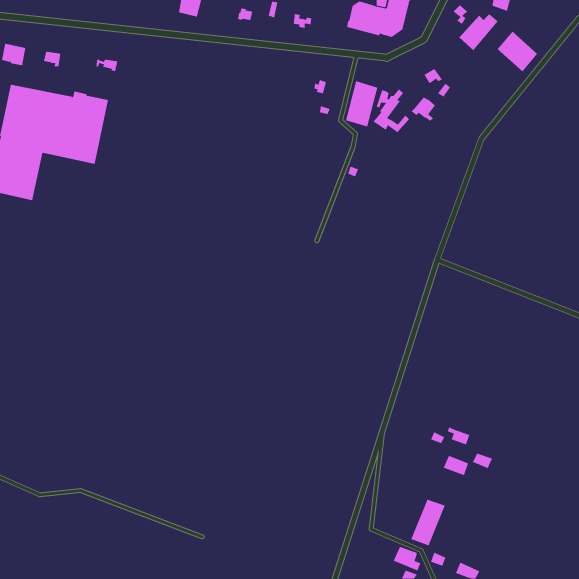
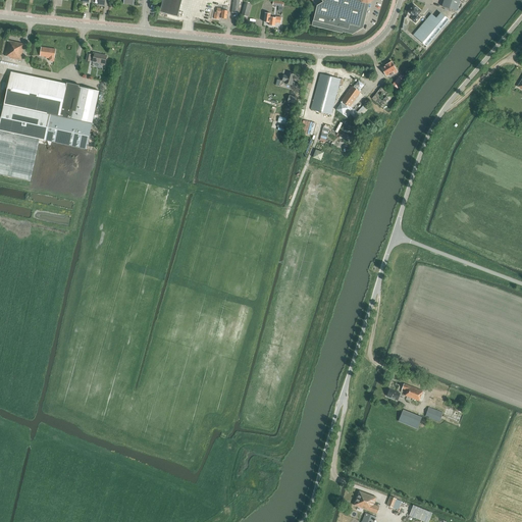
building: [497,31,538,72] -> none
building: [410,499,446,546] -> none

